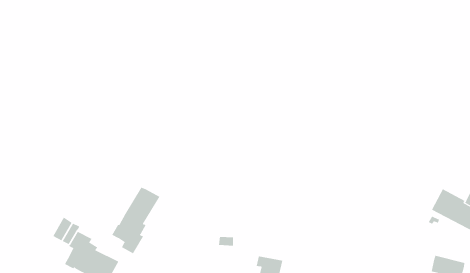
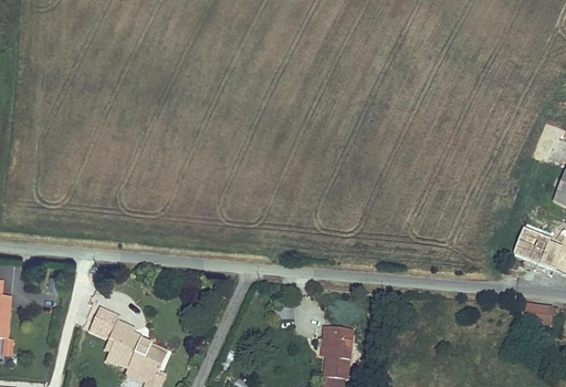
building: [112,187,160,254] -> none

